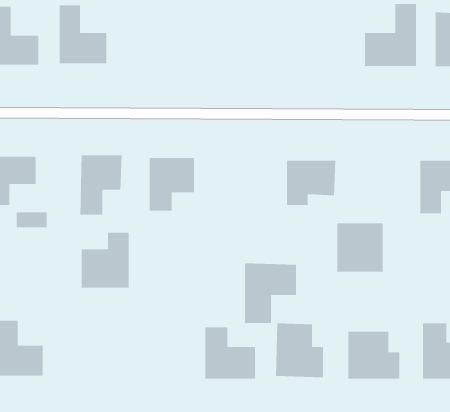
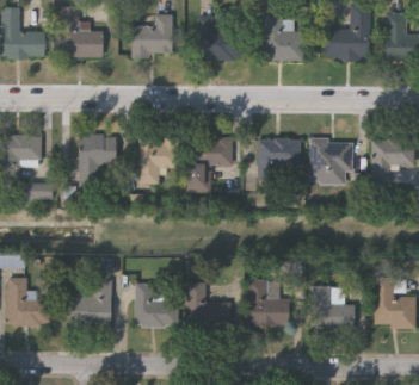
building: none -> [133,13,172,55]
building: none -> [198,18,242,60]
building: none -> [266,19,303,61]
building: [336,222,384,272] -> [309,141,350,184]
building: [81,232,130,289] -> [68,279,110,328]
building: [244,263,297,324] -> [186,138,232,191]
building: none -> [135,284,177,327]

